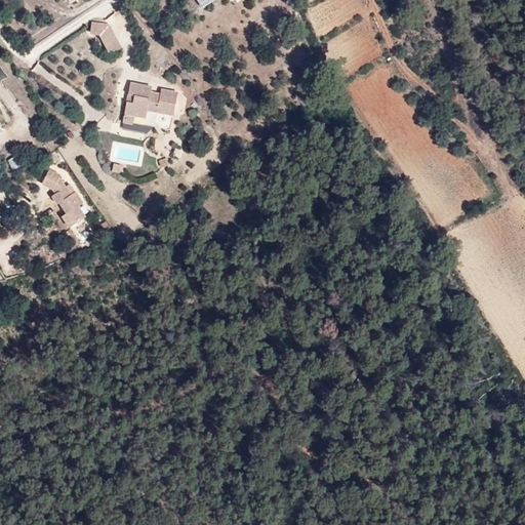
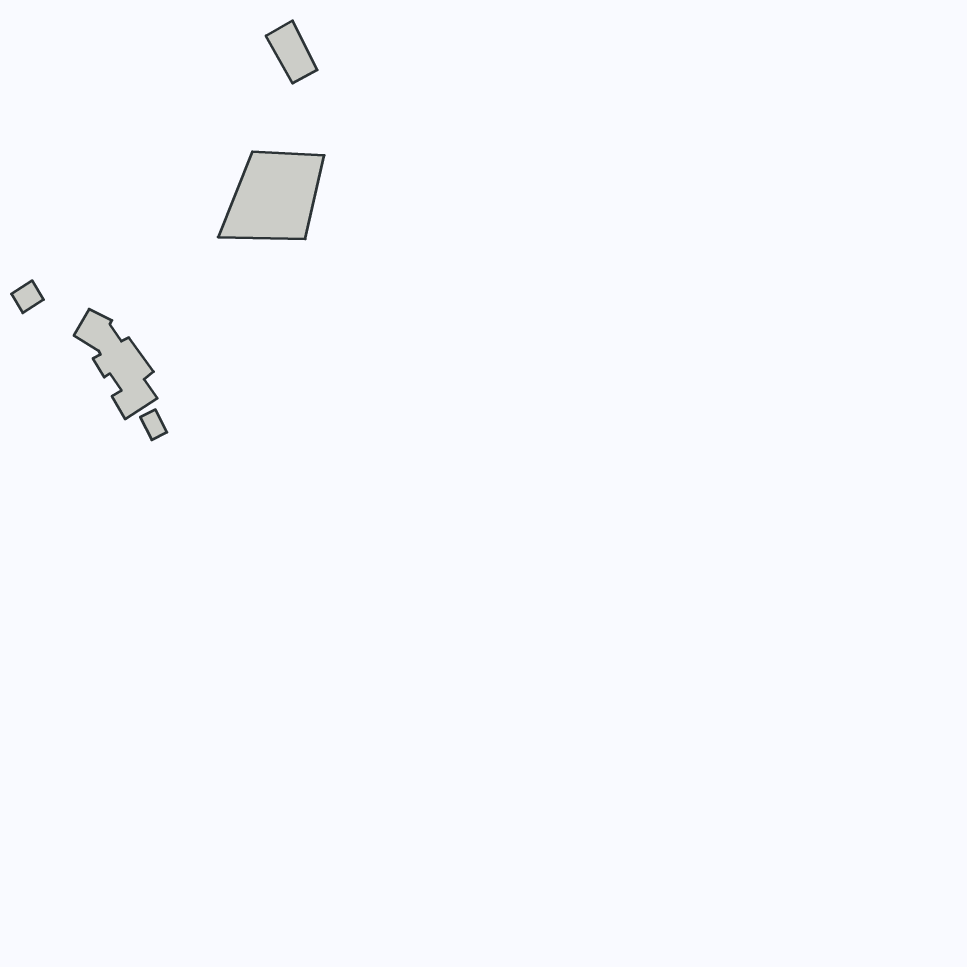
building: [89,16,117,50] -> [266,21,317,83]

